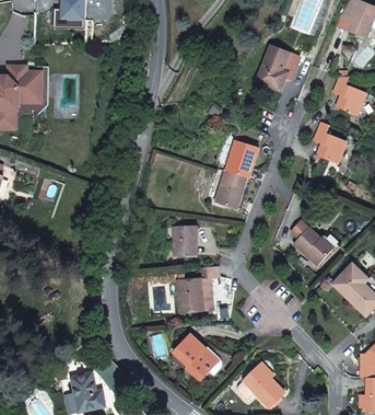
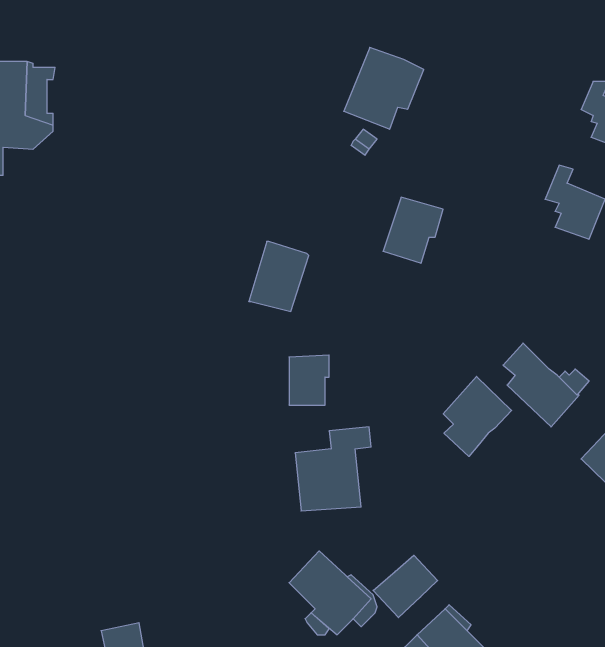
building: [255,46,298,91] -> [344,47,424,129]
building: [213,170,246,208] -> [249,241,309,311]
building: none -> [443,376,512,456]
building: none -> [373,555,438,618]

